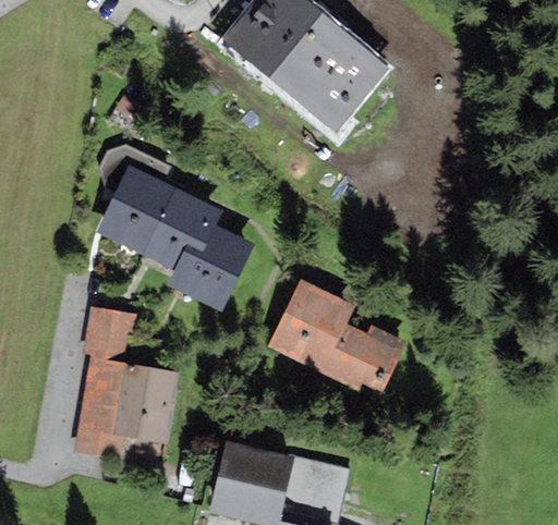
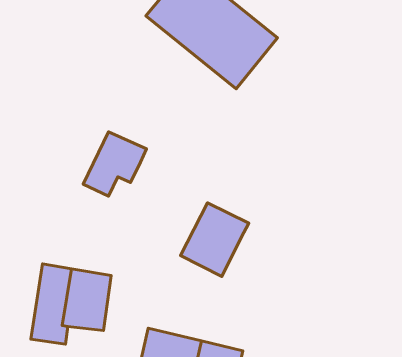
building: [97,166,174,255] -> none
building: [167,227,254,312] -> none
building: [83,306,135,364] -> none
building: [320,323,407,394] -> none

